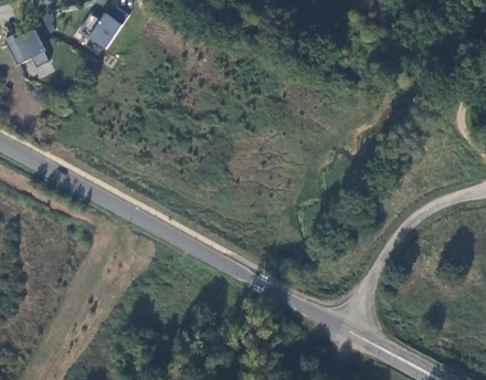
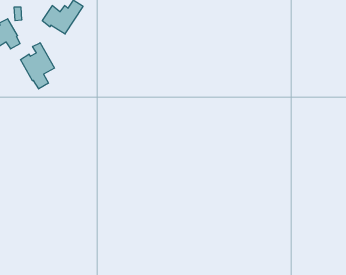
building: none -> [21,43,54,89]

